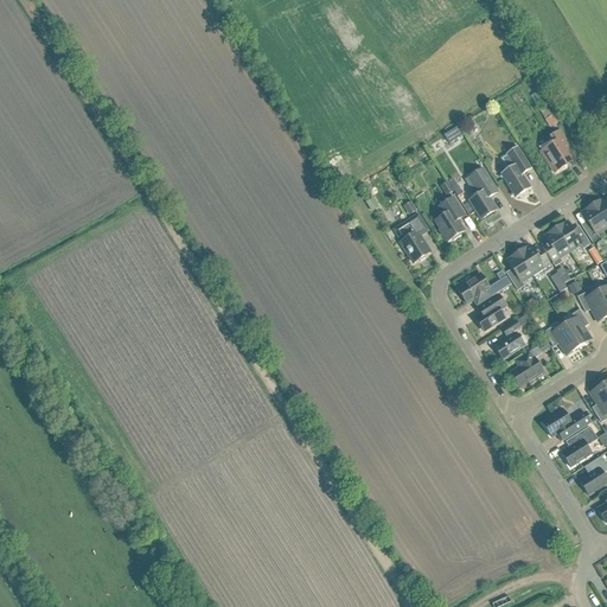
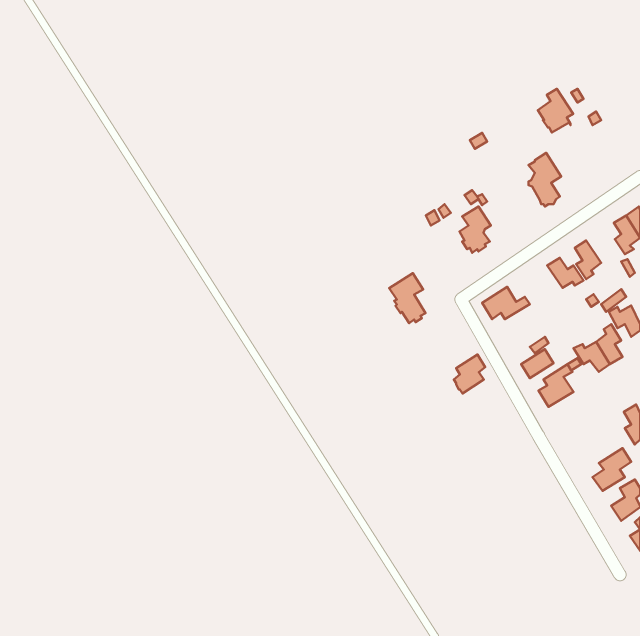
building: [541,129,574,171] -> [538,89,573,133]
building: [468,166,497,218] -> none
building: [395,213,429,261] -> [389,273,426,323]
building: [555,219,590,249] -> none
building: [506,251,532,288] -> none
building: [475,293,505,330] -> [454,355,485,393]
building: [542,408,590,435] -> none

